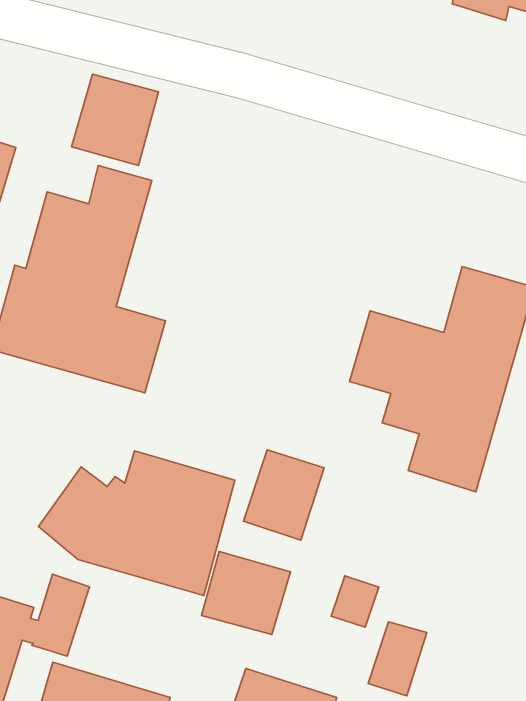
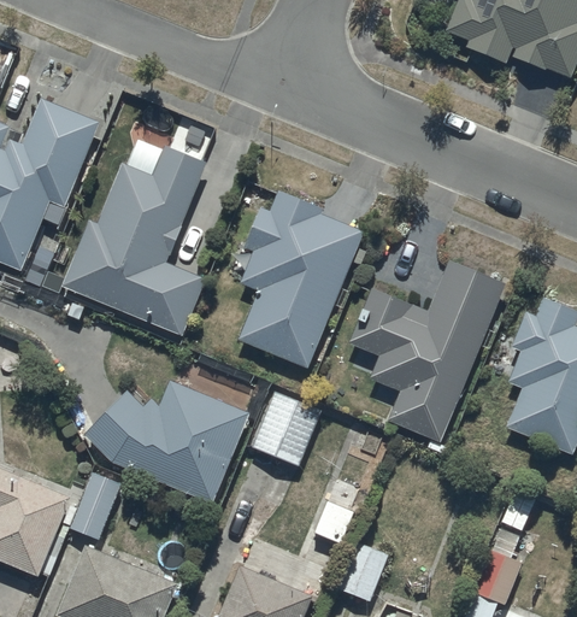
building: [71,74,159,166] -> none
building: none -> [240,187,364,366]
building: [202,552,290,635] -> none

